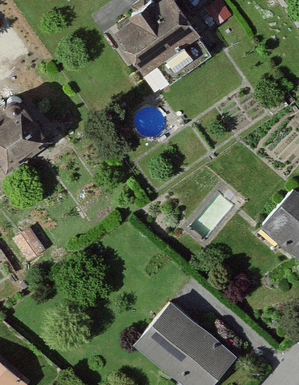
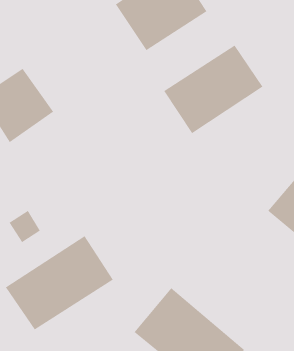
building: none -> [163,44,264,134]
building: none -> [5,235,114,331]

